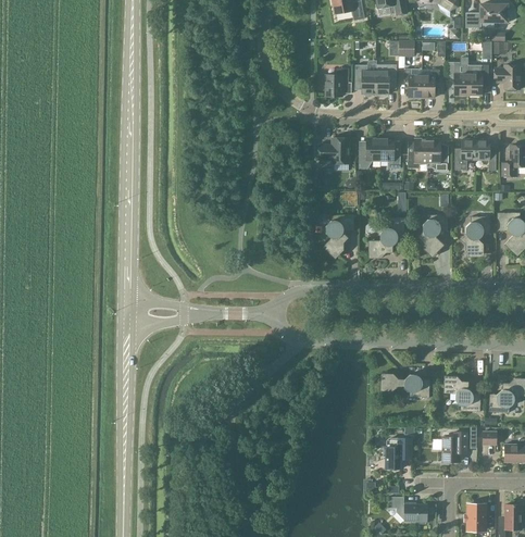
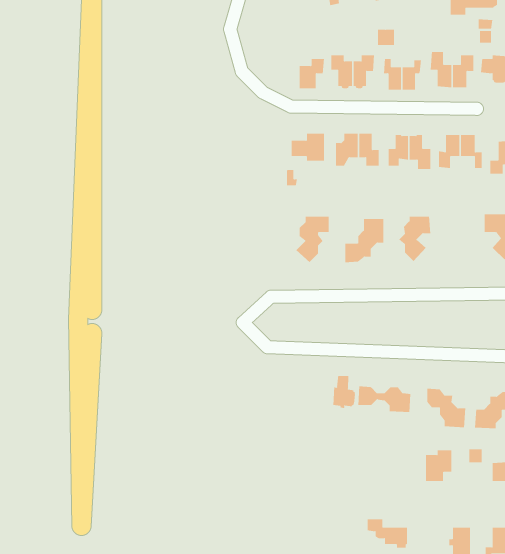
building: [462,215,491,255] -> none
building: none -> [333,375,355,409]
building: [384,437,412,467] -> none

